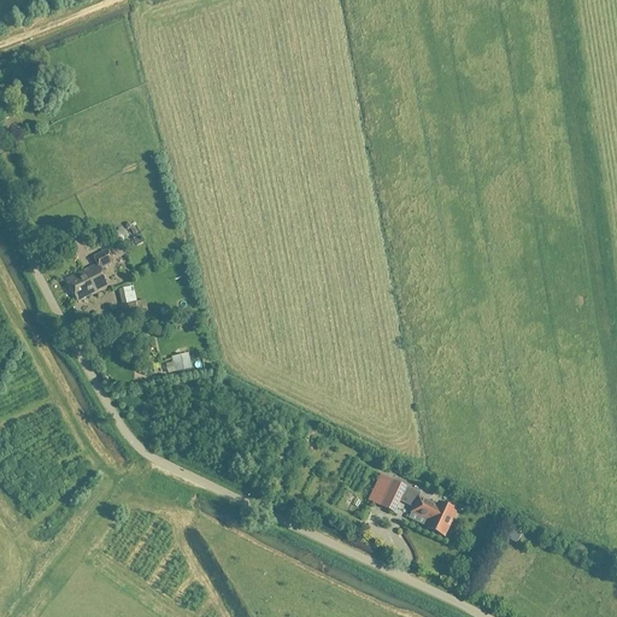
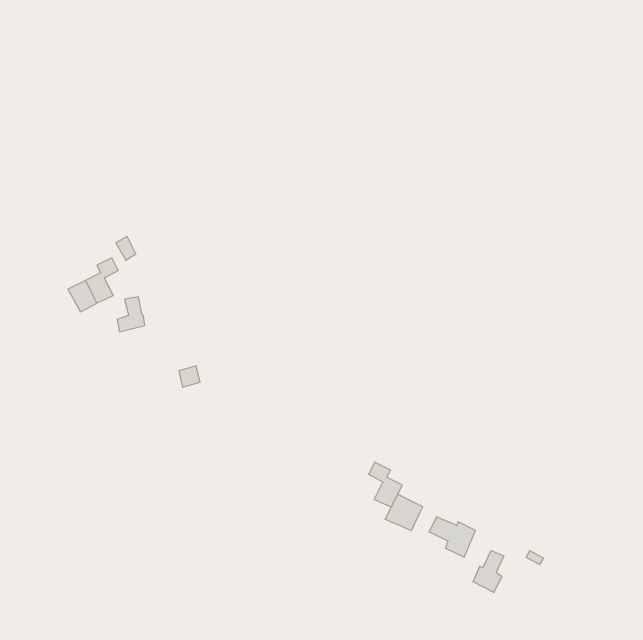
building: none -> [369,462,402,507]
building: none -> [473,551,504,593]

